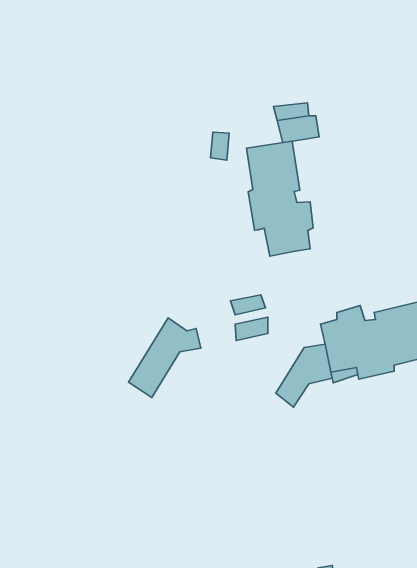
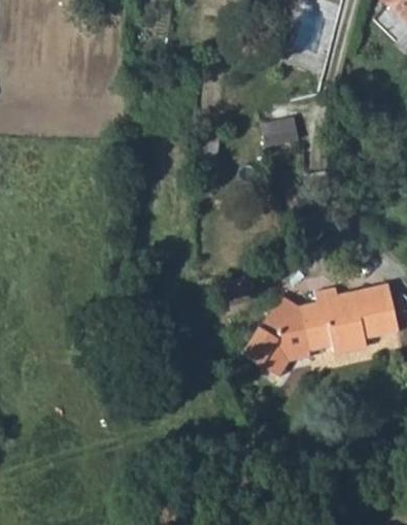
building: [247,141,313,256] -> none
building: [128,318,201,397] -> [241,295,305,365]

